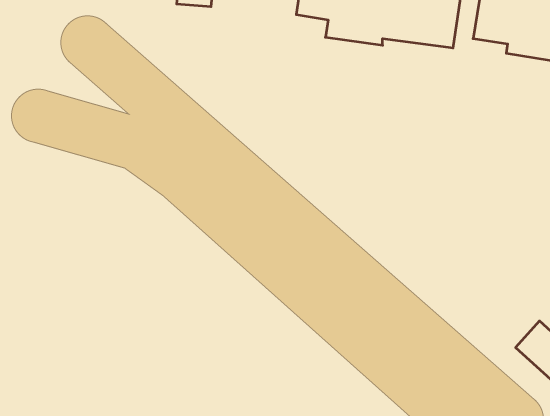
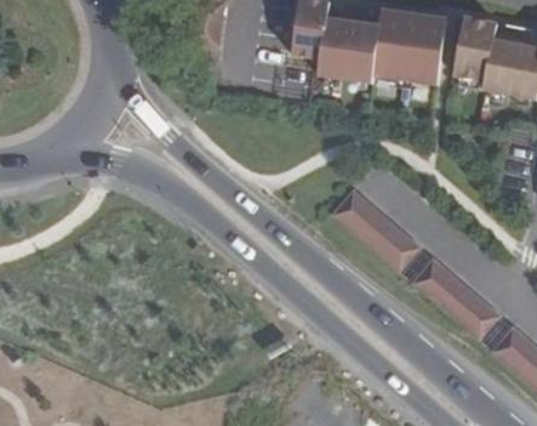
building: none -> [336,194,421,274]
building: none -> [416,265,502,345]

